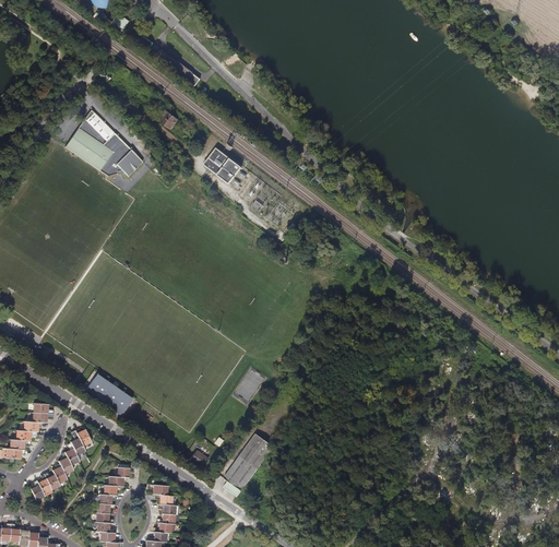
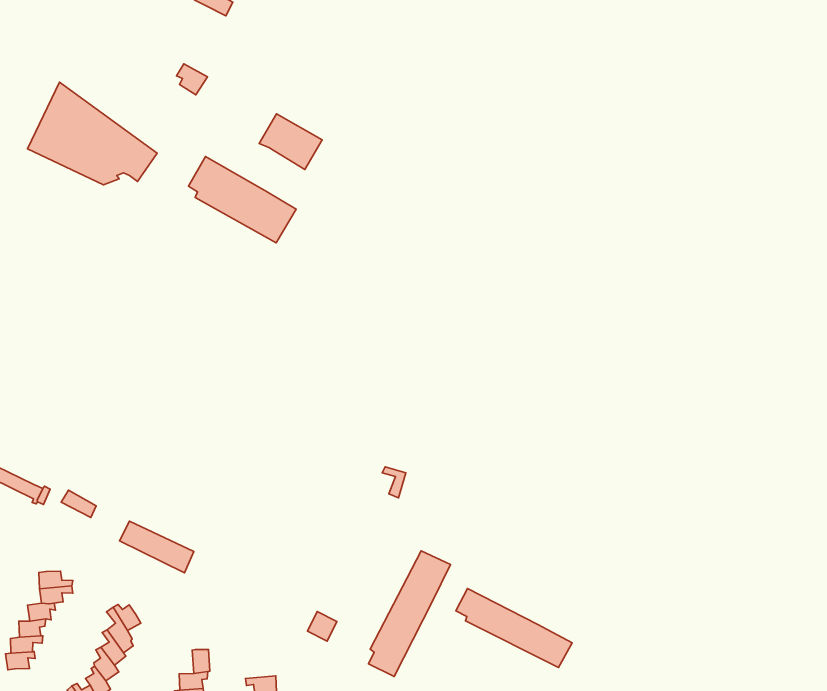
building: none -> [188,157,296,243]
building: none -> [456,589,572,668]

